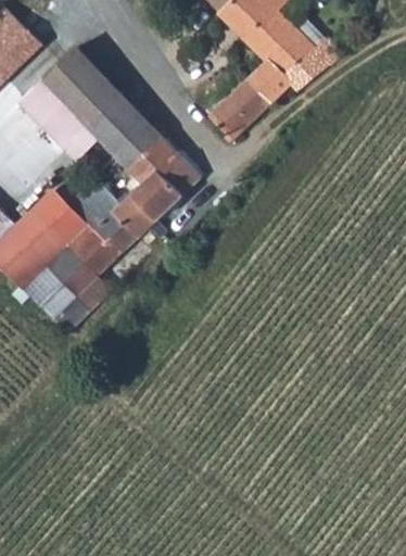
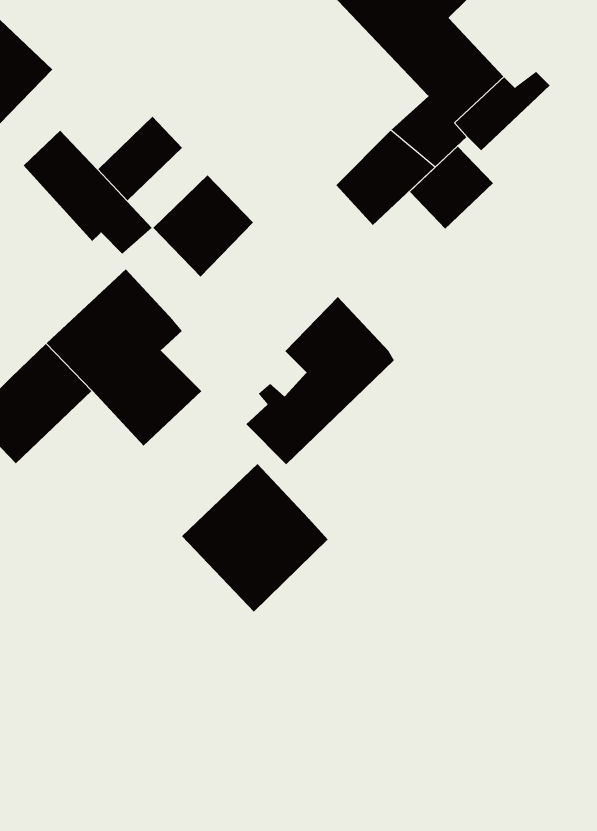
building: [43,48,100,104] -> none
building: none -> [409,146,494,229]
building: [85,91,134,140] -> none
building: [105,137,196,240] -> [245,296,395,465]
building: [16,240,106,331] -> [181,463,329,613]

